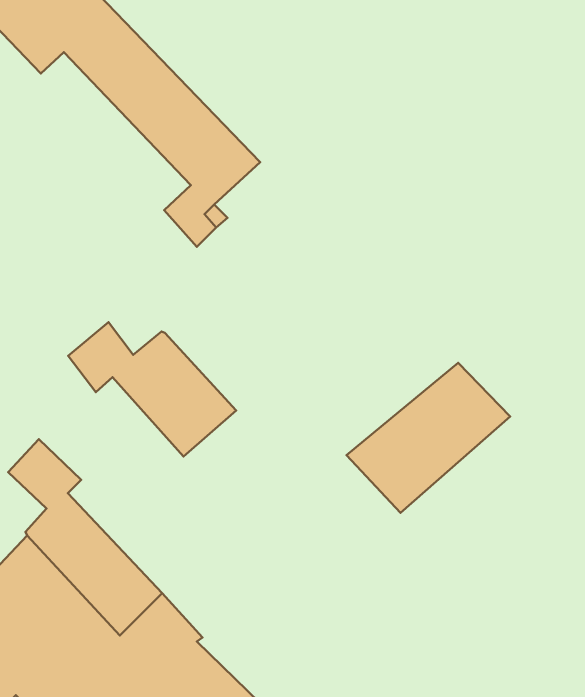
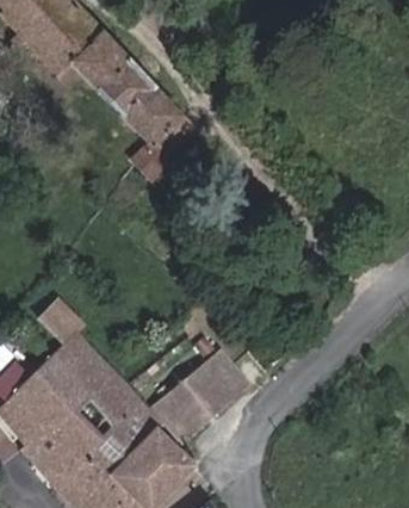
building: [68,322,236,457] -> none
building: [347,363,510,513] -> [150,349,252,442]

